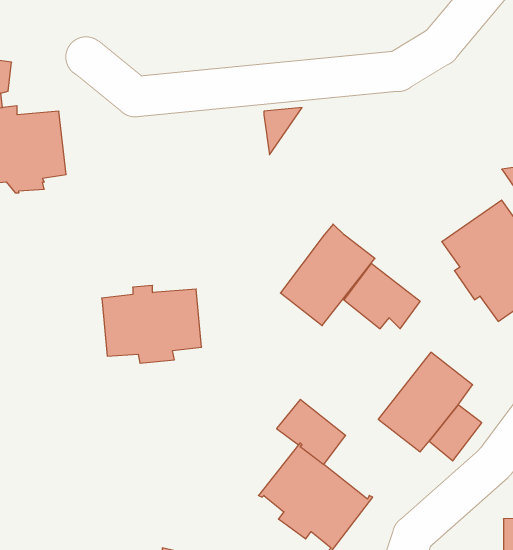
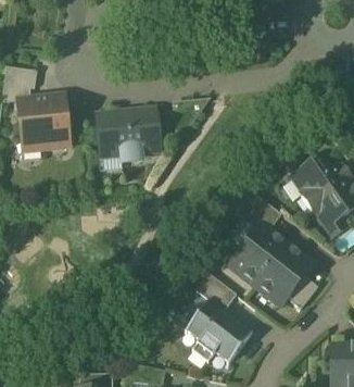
building: [280,224,375,326] -> [230,224,287,285]
building: [102,285,202,363] -> [98,111,157,158]

